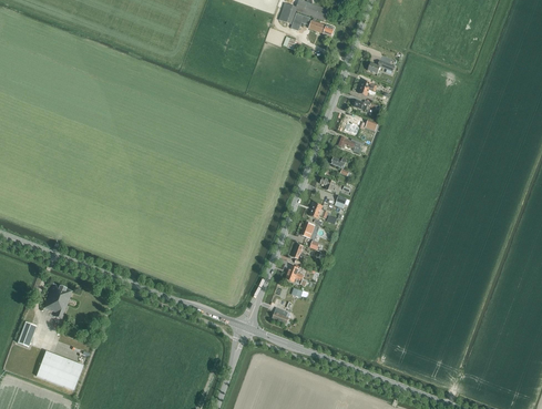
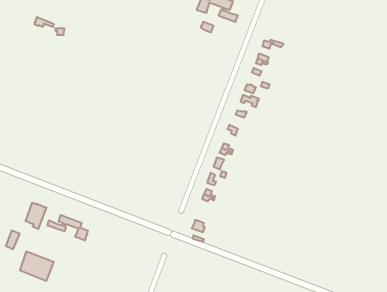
building: none -> [47,215,88,241]

